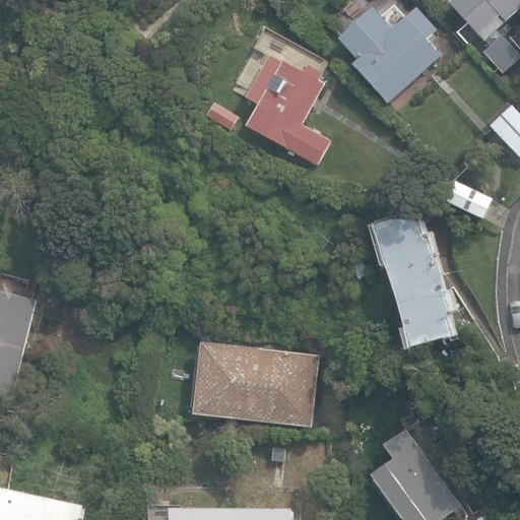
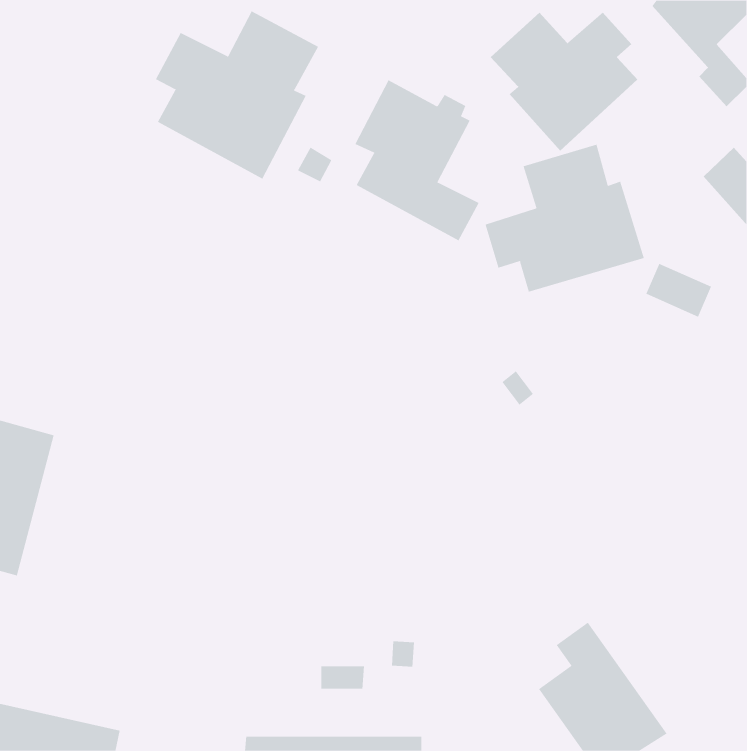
building: none -> [155,11,319,179]
building: none -> [485,144,645,292]
building: [376,217,452,348] -> none
building: [191,340,317,424] -> none

